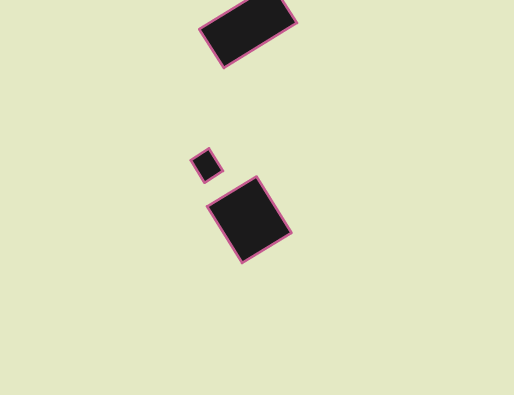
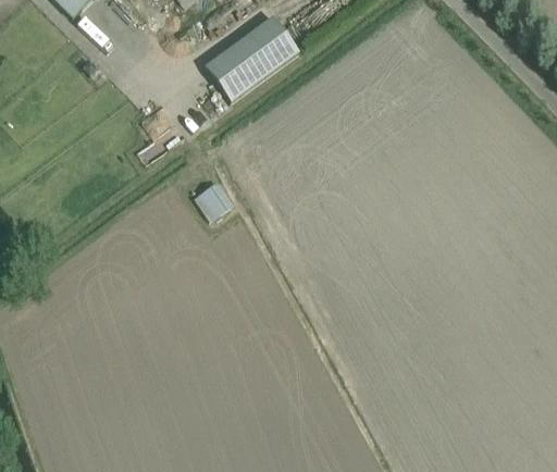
building: [207,177,291,263] -> none

